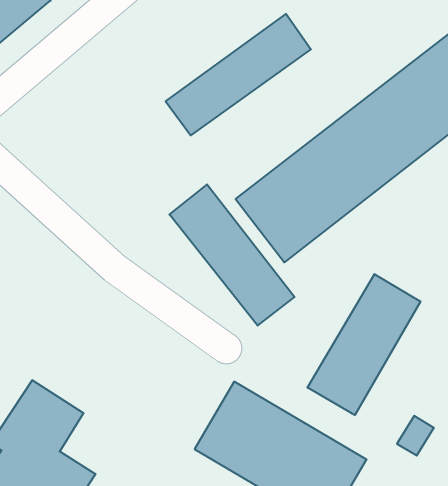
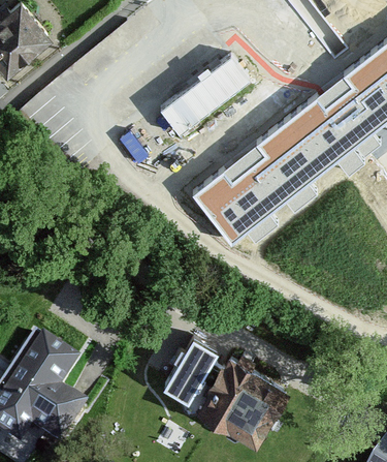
building: [169,184,295,326] -> none
building: [307,274,420,415] -> none

